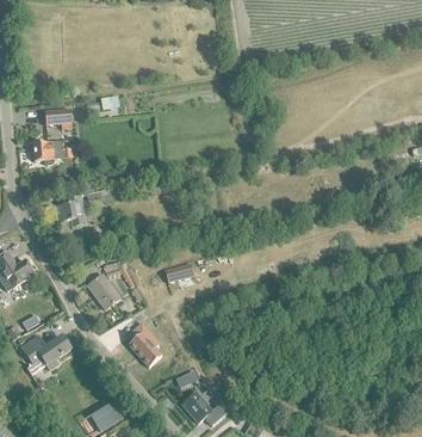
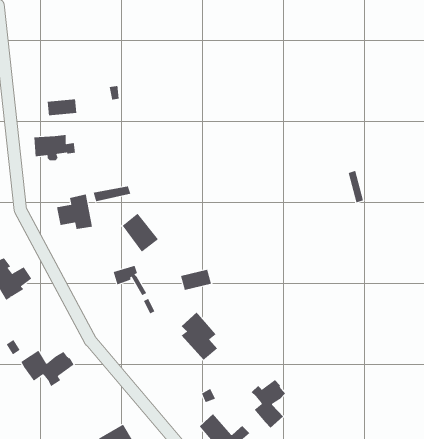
building: [87,275,120,310] -> [122,213,159,252]
building: [128,322,161,367] -> [181,312,218,361]
building: none -> [251,379,286,428]

